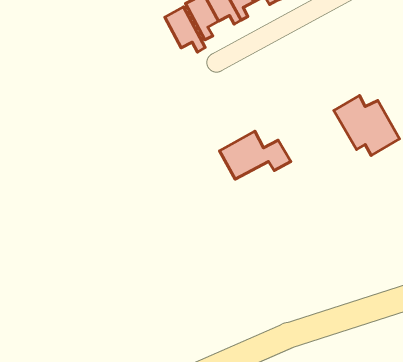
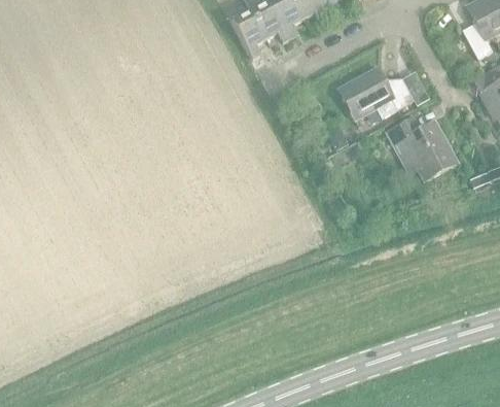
building: [165,7,205,52] -> none
building: [219,131,291,179] -> [340,66,415,116]

